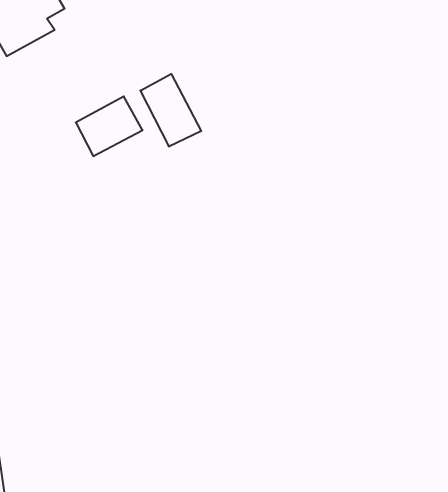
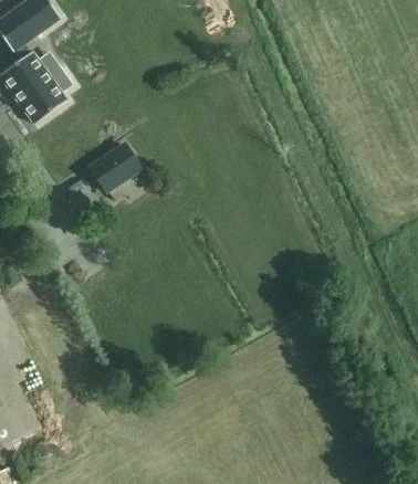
building: [140,74,201,147] -> none

